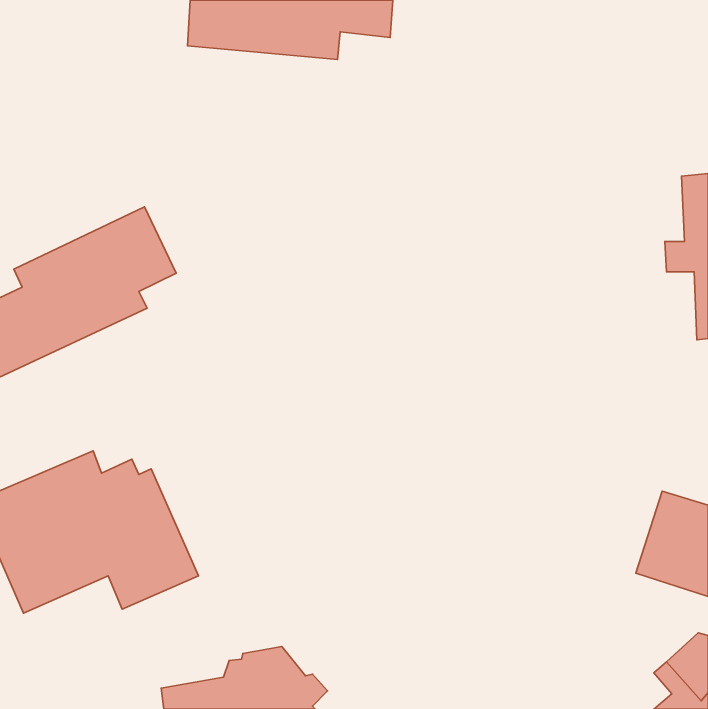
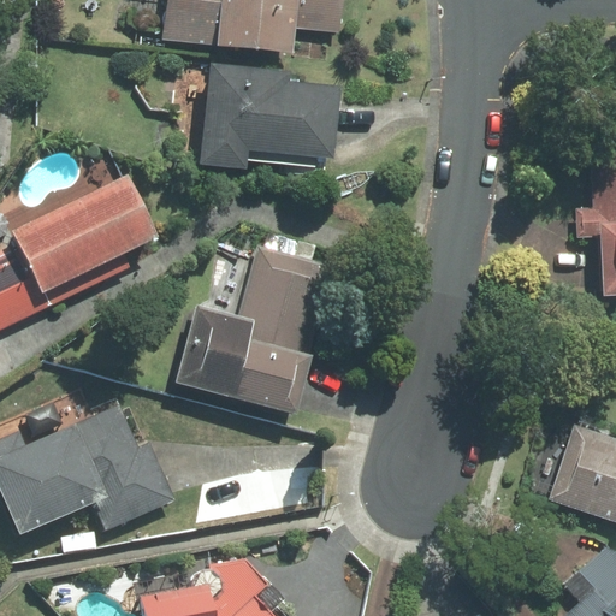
building: none -> [199,61,339,177]
building: none -> [178,245,333,410]

